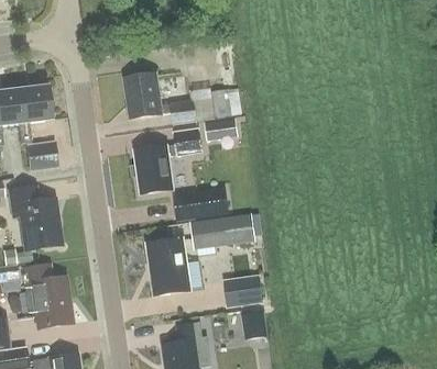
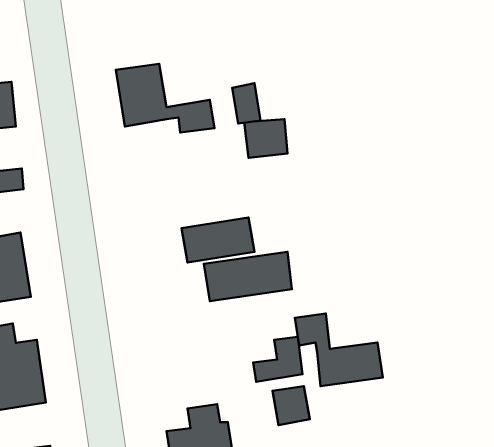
building: [134,127,201,193] -> none
building: [148,238,189,294] -> none
building: none -> [295,314,383,386]

